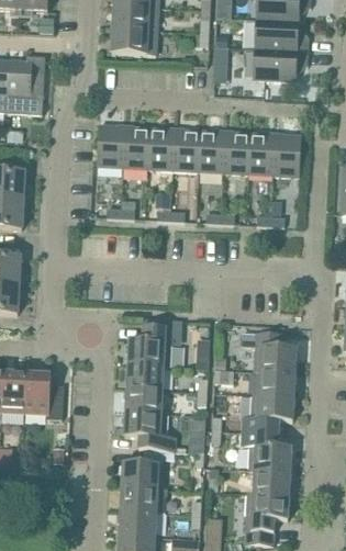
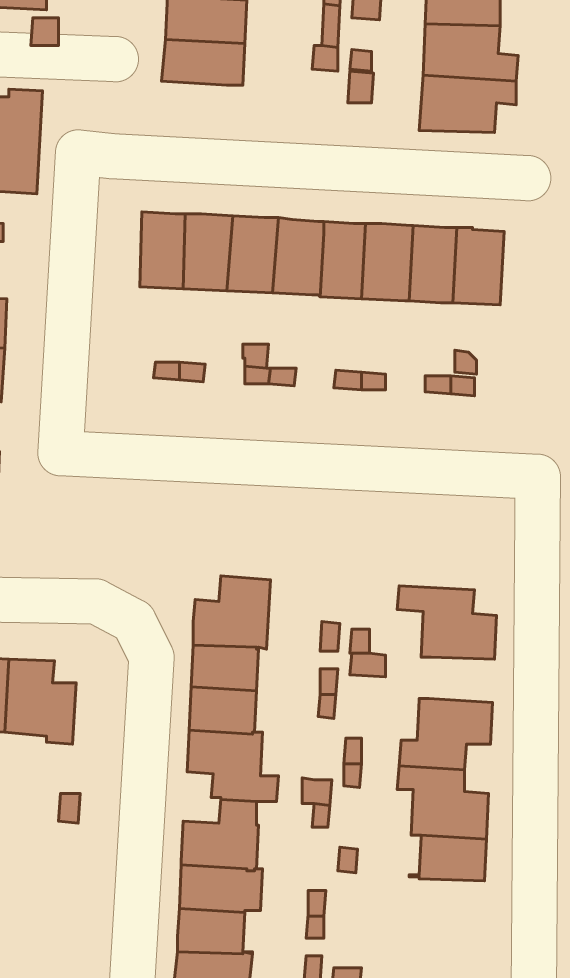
building: [253,371,294,396] -> none
building: [245,493,289,544] -> none

